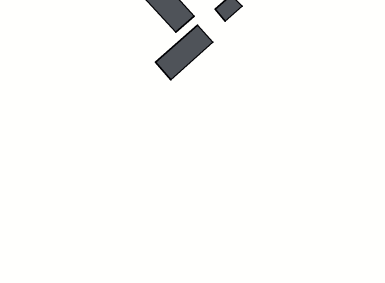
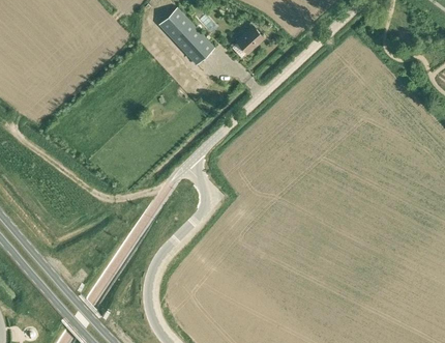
building: [155,25,213,80] -> none

